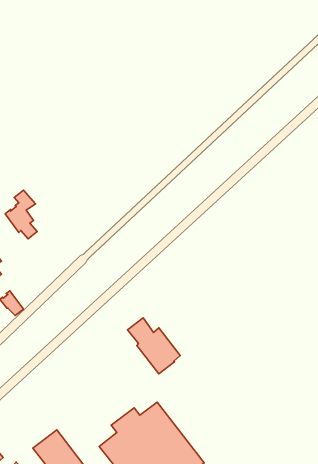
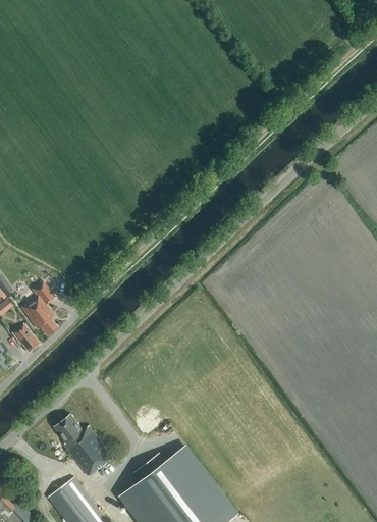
building: [5,190,37,239] -> [21,281,57,335]
building: [128,318,180,374] -> [53,414,111,476]

